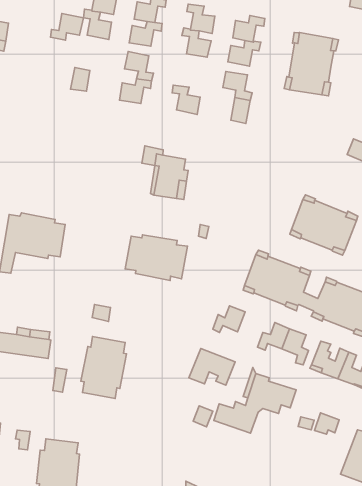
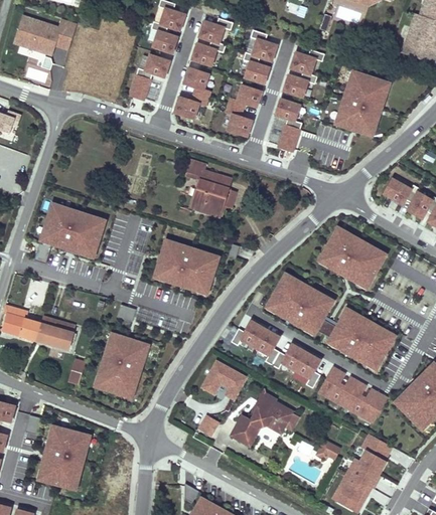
building: [50,13,84,40] -> [135,53,169,79]
building: none -> [227,83,261,109]
building: none -> [255,331,280,366]

